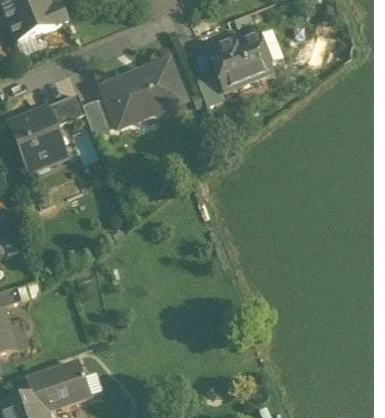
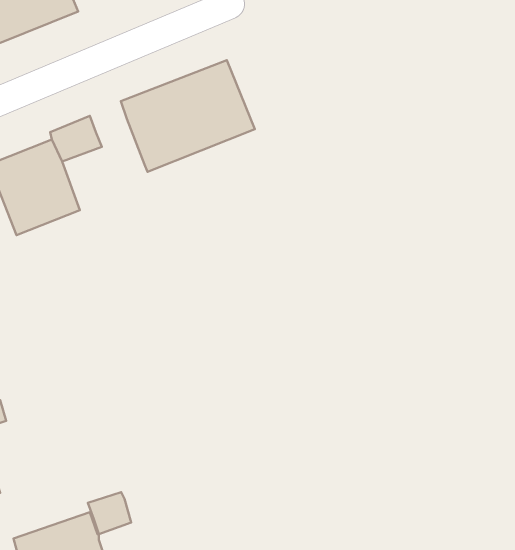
building: [208,29,275,90] -> none
building: [81,93,115,133] -> none
building: none -> [88,492,131,534]

